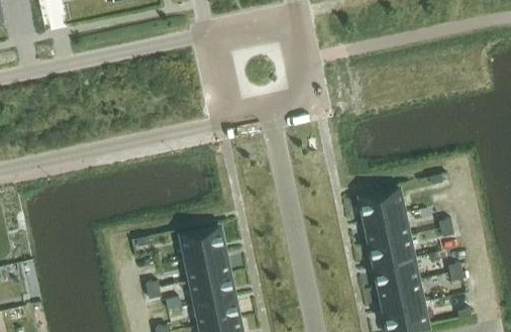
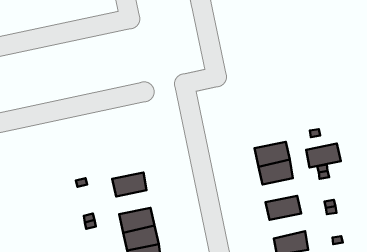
building: [370,235,413,265] -> [306,143,341,168]
building: [186,250,229,281] -> none
building: [379,280,423,311] -> none

